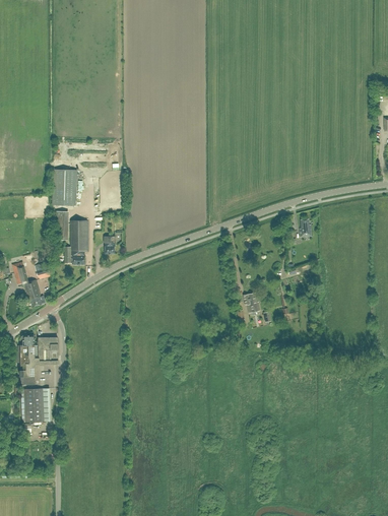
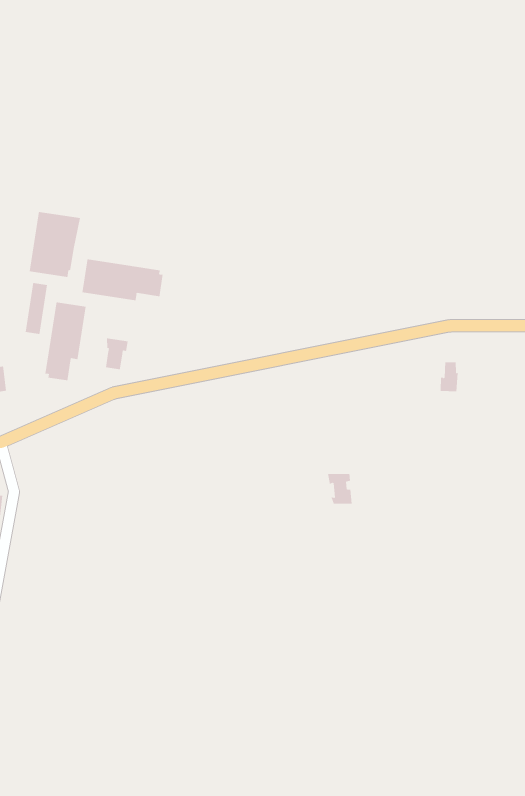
building: none -> [82,259,163,301]

